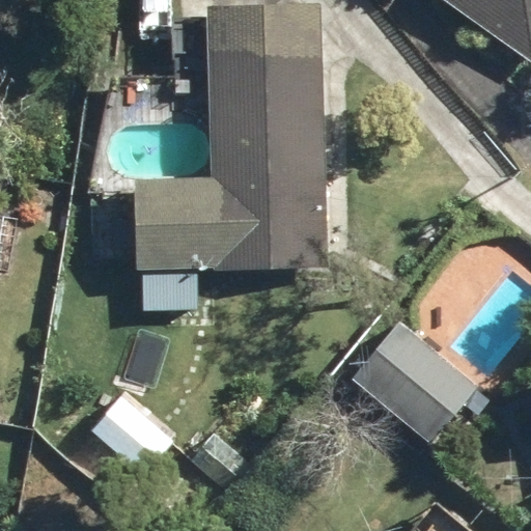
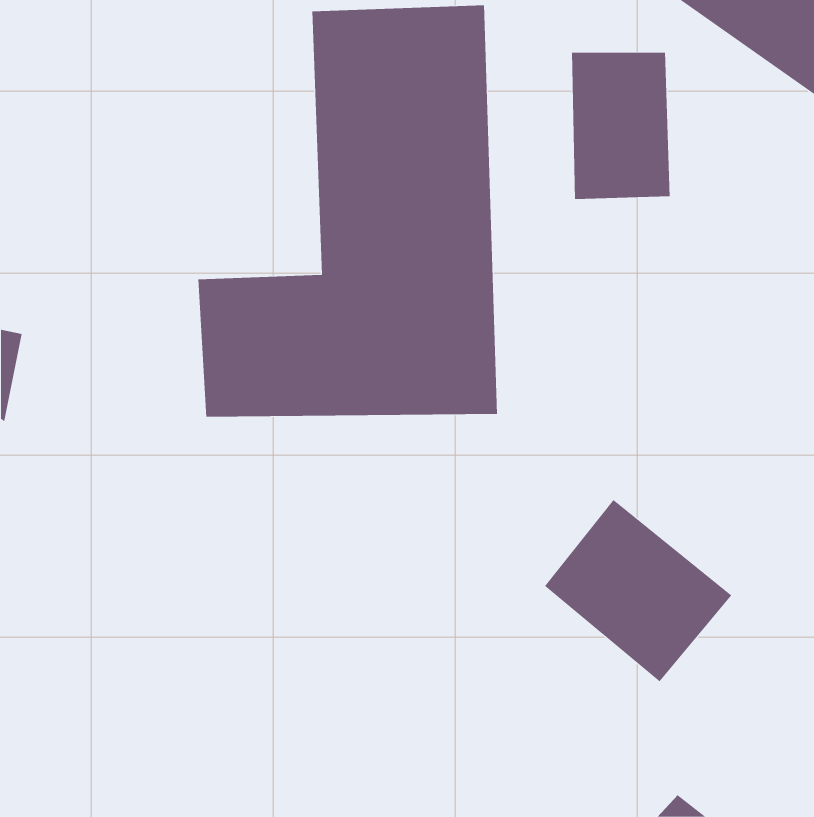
building: none -> [572,52,670,200]

